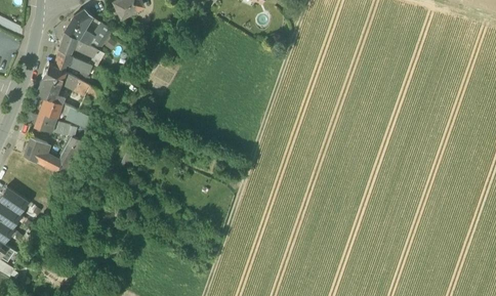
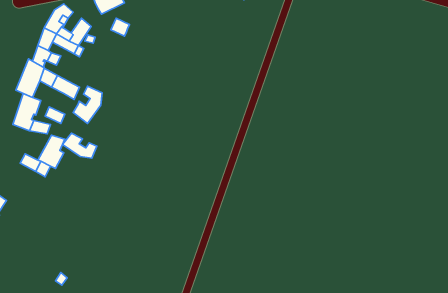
building: none -> [73,86,102,123]
building: none -> [63,133,97,158]
building: [26,136,50,164] -> none

